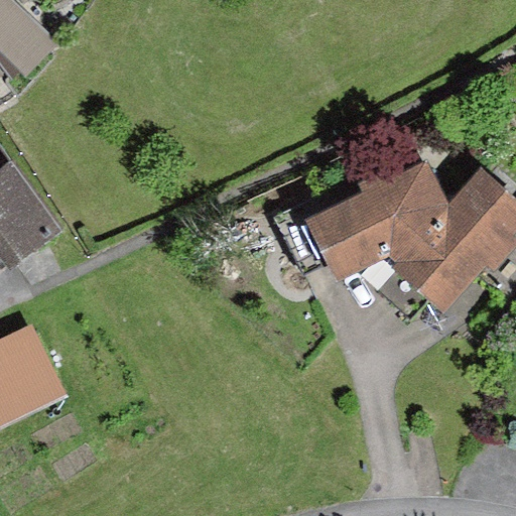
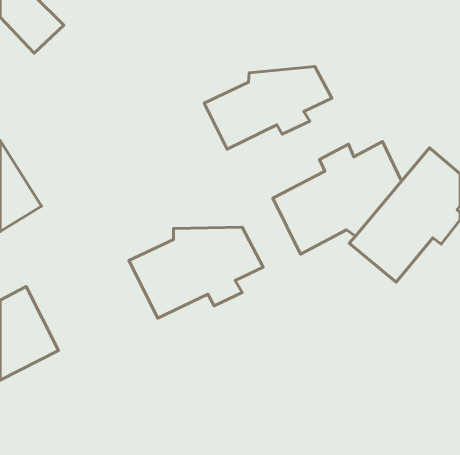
building: none -> [204,66,332,149]
building: none -> [129,227,263,318]

